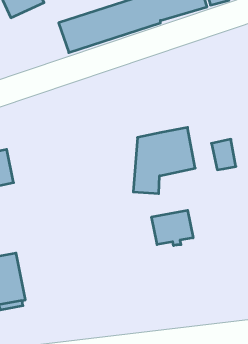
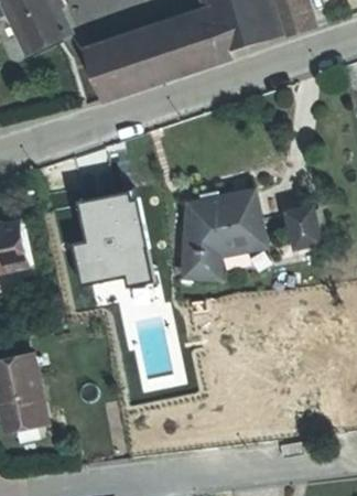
building: none -> [65,179,151,289]
building: [152,210,193,246] -> none

